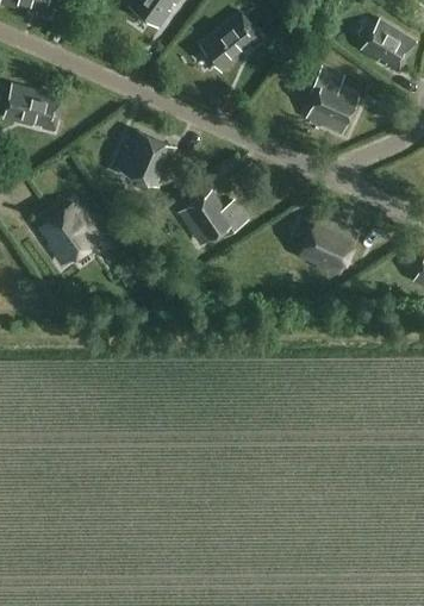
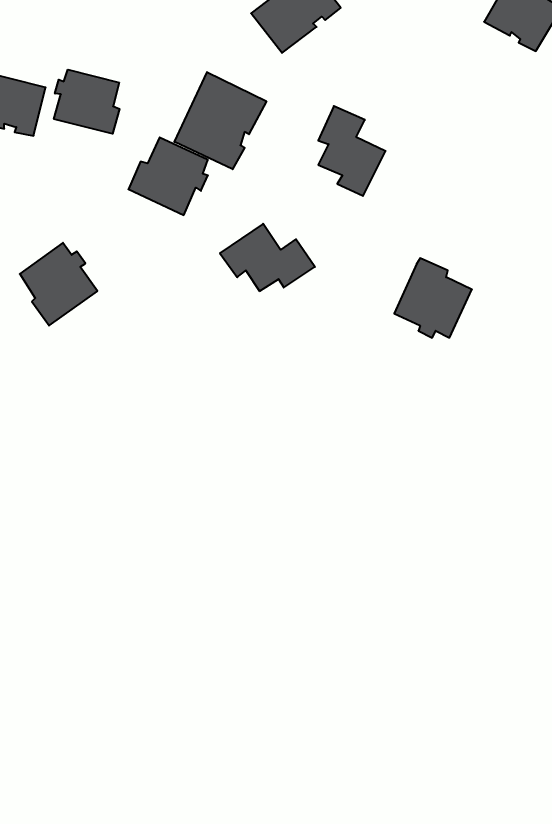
building: [310,68,356,130] -> [318,106,386,196]
building: none -> [54,70,120,134]
building: none -> [174,72,266,169]

